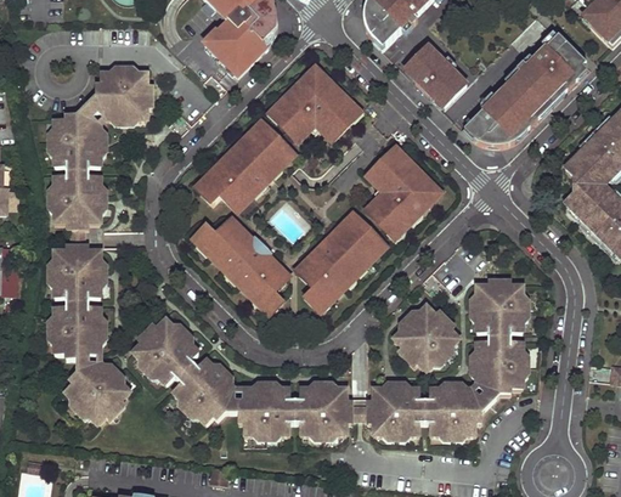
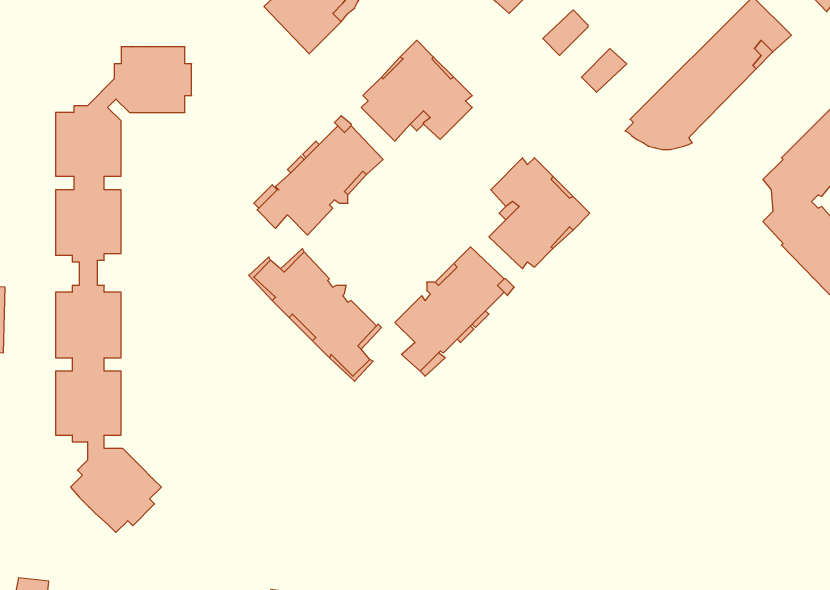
building: [414,56,455,95] -> none
building: [362,278,523,433] -> none
building: [393,304,459,369] -> none
building: [132,316,357,433] -> none

